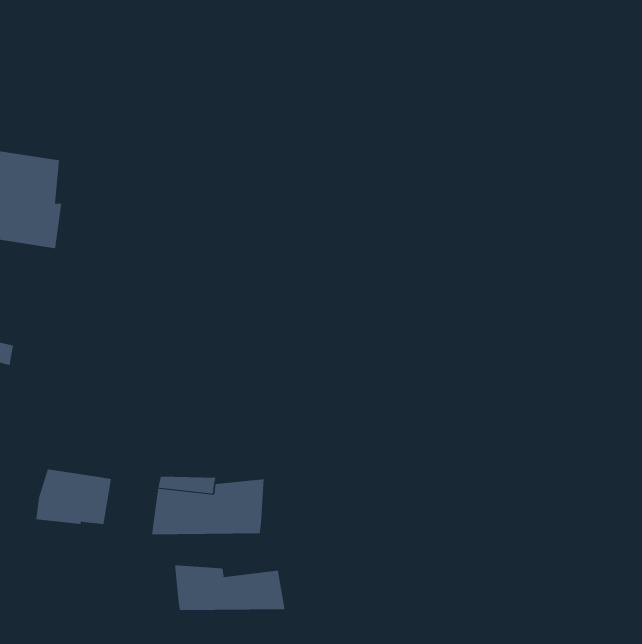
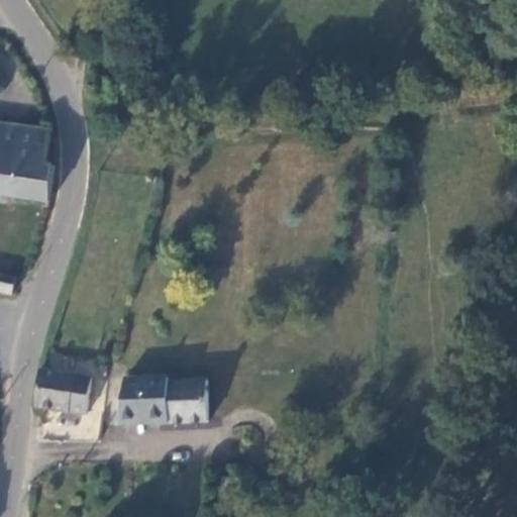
building: [175,564,285,611] -> none

